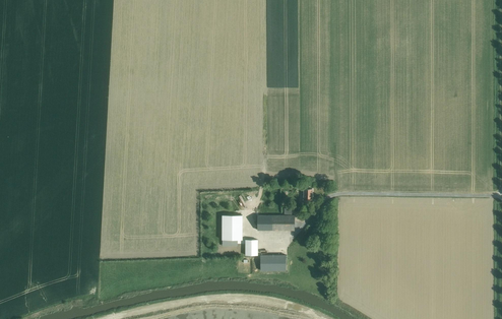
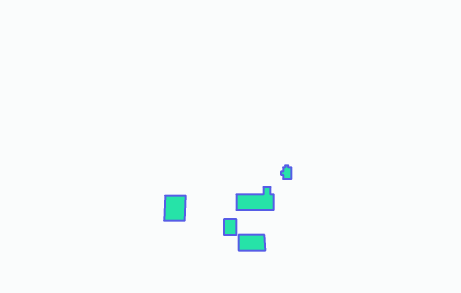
building: [221,215,242,240] -> [164,196,186,221]

